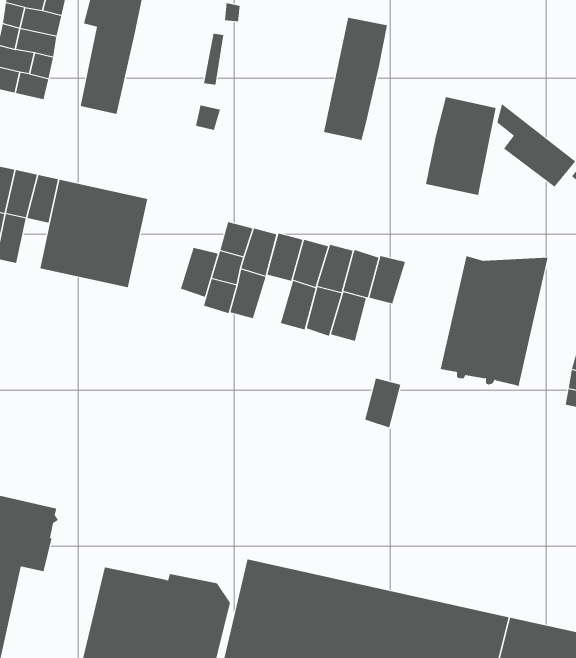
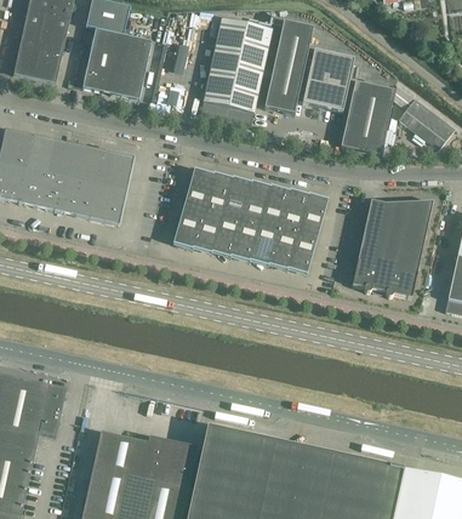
building: none -> [200,17,272,124]
building: none -> [110,34,152,99]
building: none -> [297,49,355,110]
building: none -> [35,171,59,209]
building: [180,247,218,297] -> [212,213,241,251]
building: [364,378,401,428] -> [289,230,316,268]

